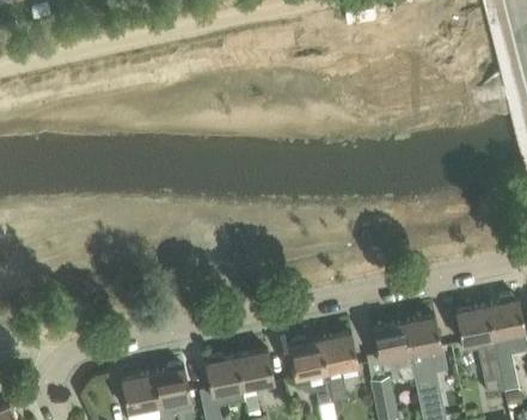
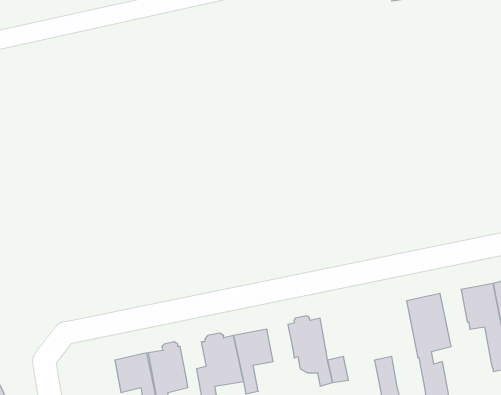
building: [372,324,413,382] -> none
building: [319,334,357,373] -> none

